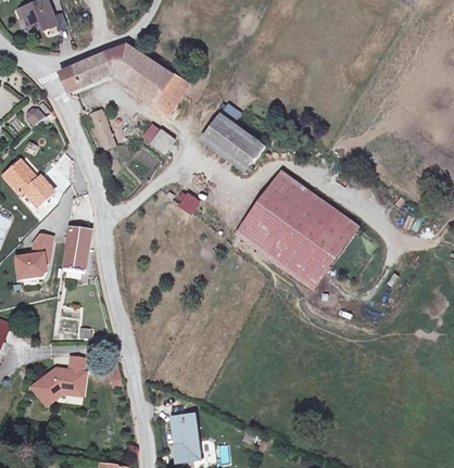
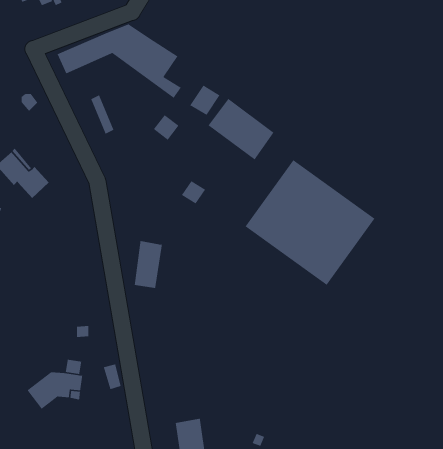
building: [161,73,190,102] -> [189,85,221,116]
building: [62,226,89,271] -> [134,240,163,289]
building: [13,232,53,278] -> none

